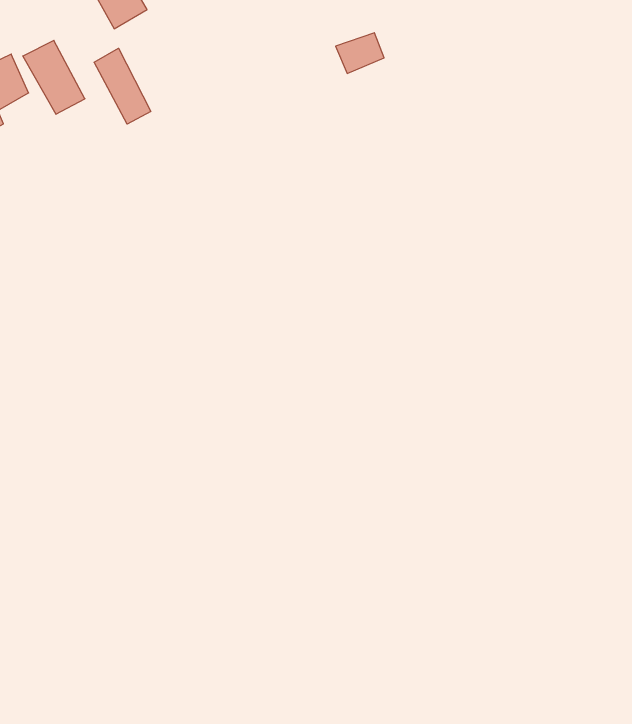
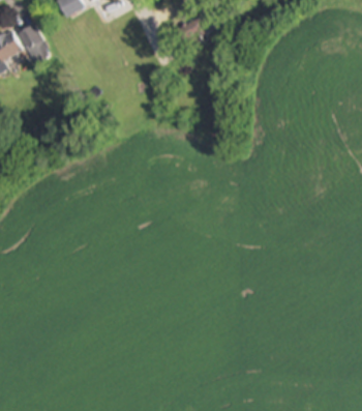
building: [94,48,151,124] -> none

